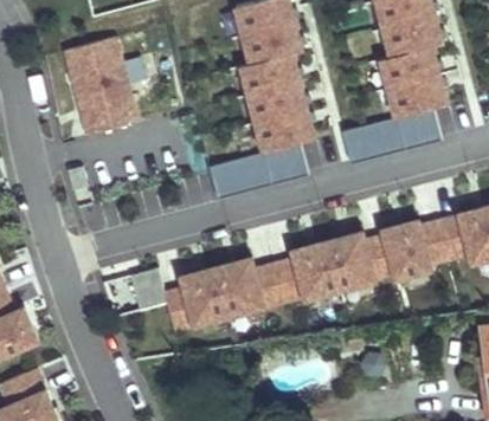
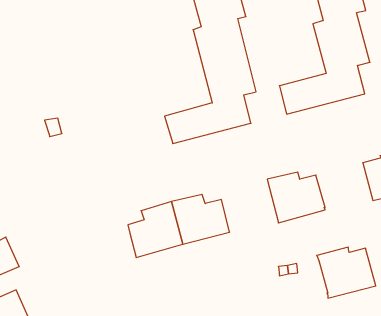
building: [63,37,135,135] -> none
building: [380,220,449,279] -> [317,247,376,298]
building: [272,240,339,302] -> none
building: [129,267,166,310] -> none

